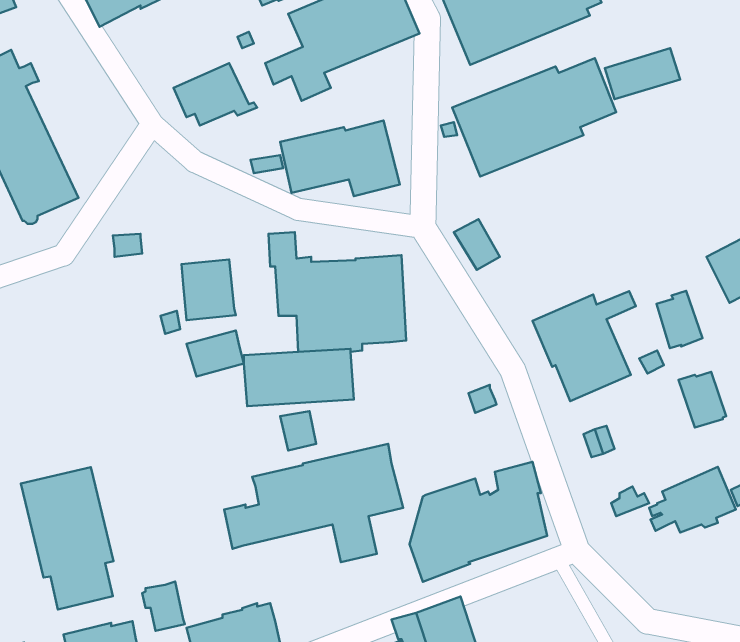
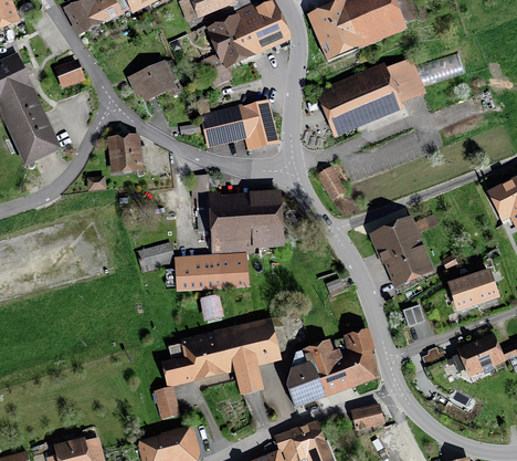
building: none -> [54,57,85,86]
building: [182,259,236,320] -> [107,133,144,174]
building: [657,291,703,348] -> [447,273,478,312]
building: [21,467,113,610] -> none
building: none -> [350,402,384,430]
building: [142,582,185,631] -> [151,385,180,418]

